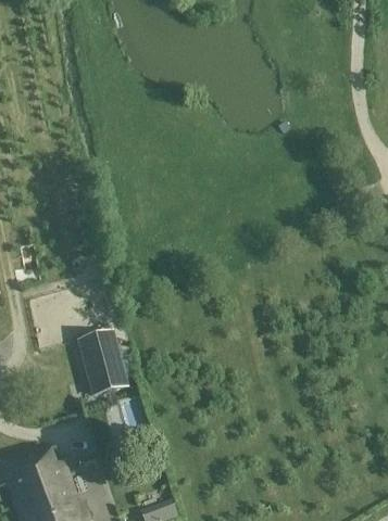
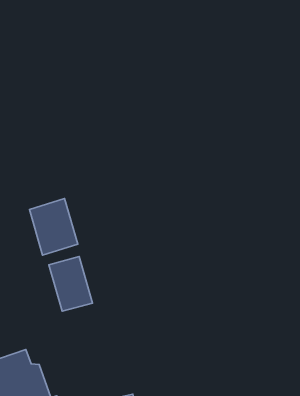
building: none -> [29,199,78,255]

